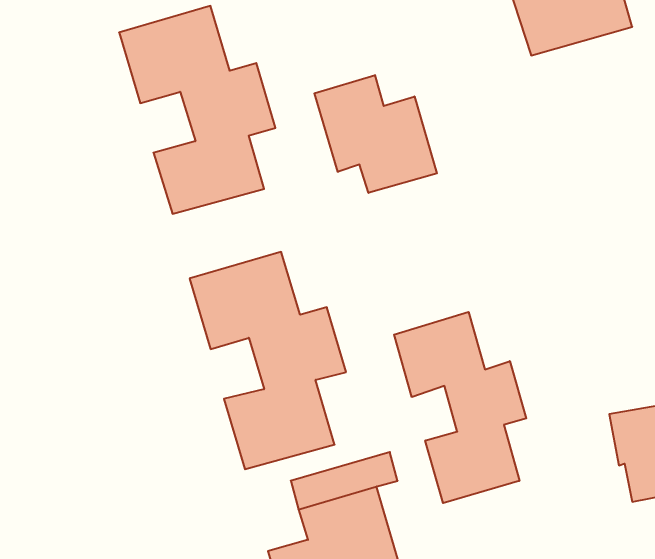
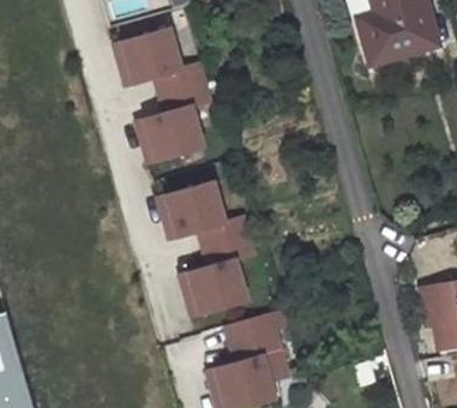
building: [314,75,437,193] -> none
building: [394,312,526,503] -> none

